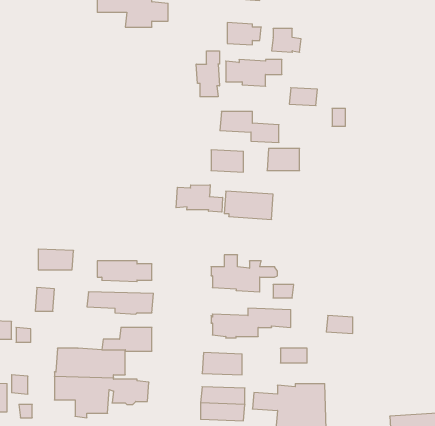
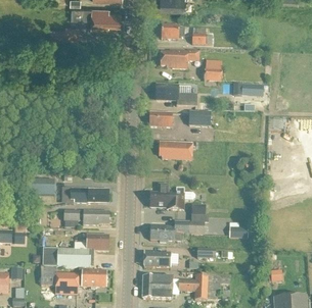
building: [196,51,219,97] -> none
building: [176,185,223,212] -> none

